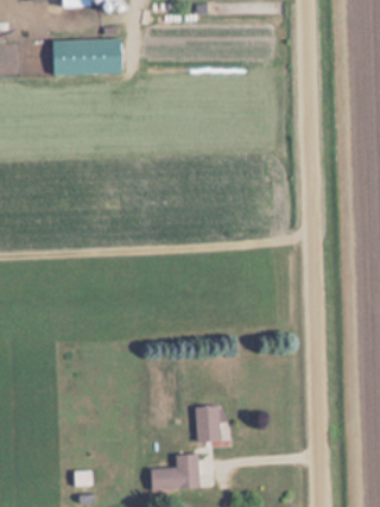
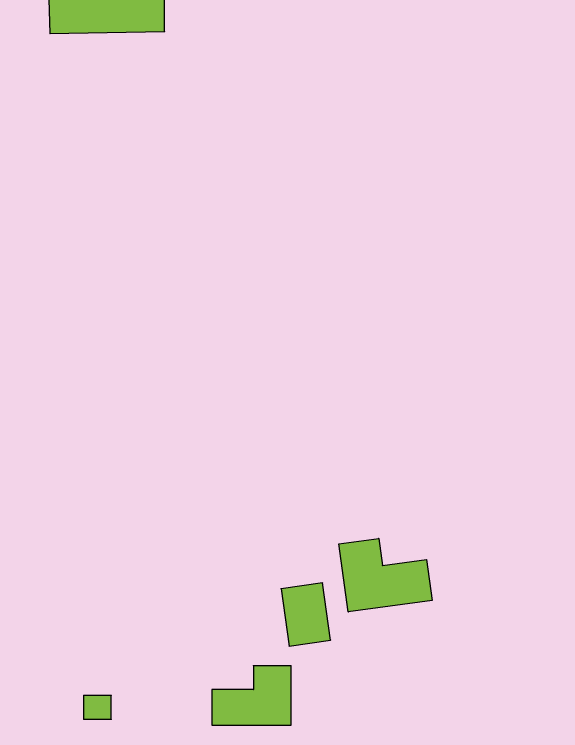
building: none -> [339,538,432,612]

